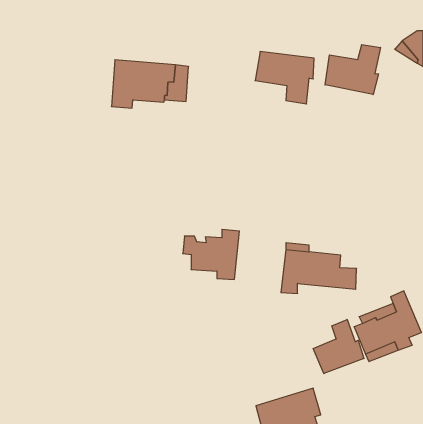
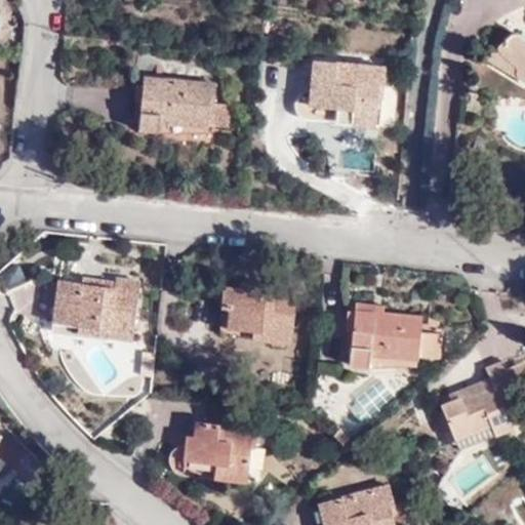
building: [325,45,380,95] -> none
building: none -> [50,285,136,347]
building: [313,319,364,374] -> none
building: none -> [179,427,250,487]

